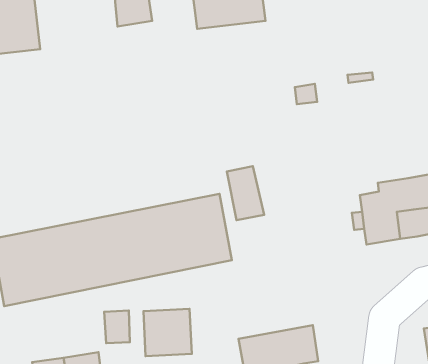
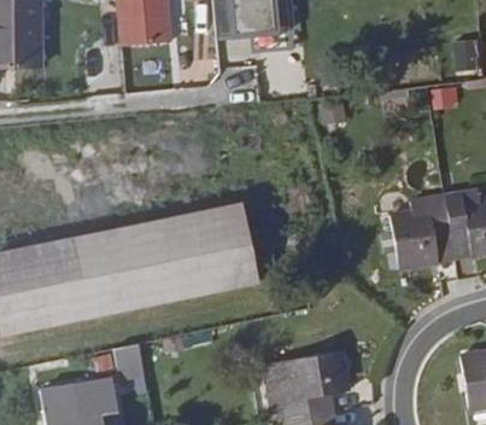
building: [227,166,264,220] -> none
building: [143,309,192,356] -> none

